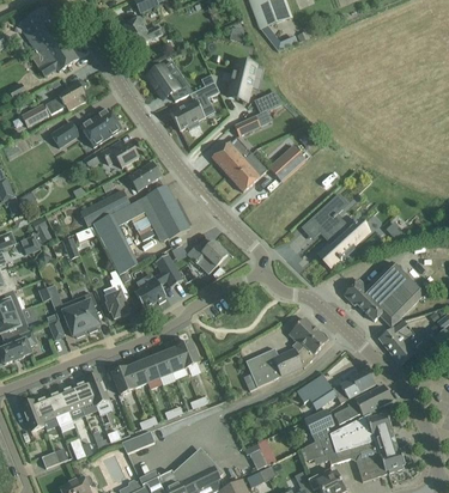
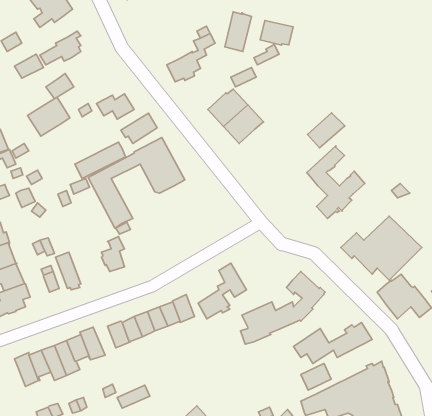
building: [146,63,192,99] -> none
building: none -> [260,20,293,45]
building: [79,108,121,146] -> [28,97,70,136]
building: [268,145,305,179] -> [307,113,345,148]
building: [187,239,226,270] -> none
building: [134,252,182,308] -> [198,263,247,319]
building: [73,291,98,330] -> none
building: [334,385,392,422] -> none

